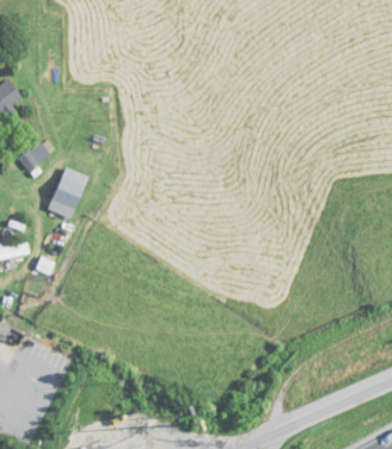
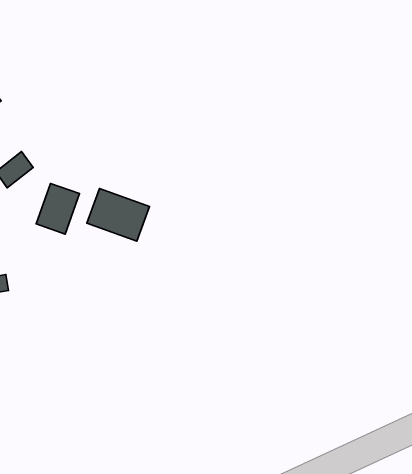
building: none -> [87,189,149,241]

